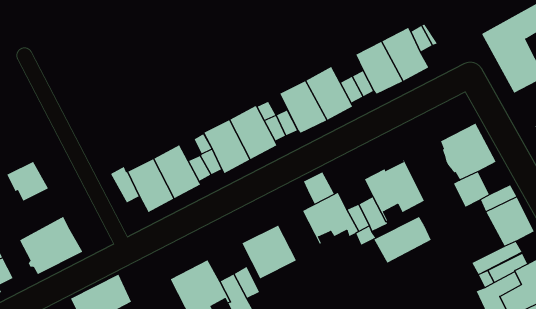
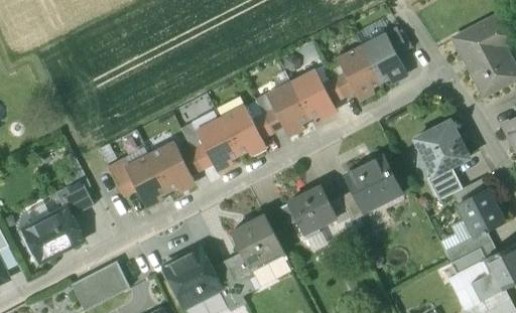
building: [6,161,49,201] -> [55,180,95,217]
building: [303,172,335,204] -> none
building: [374,216,432,263] -> none

